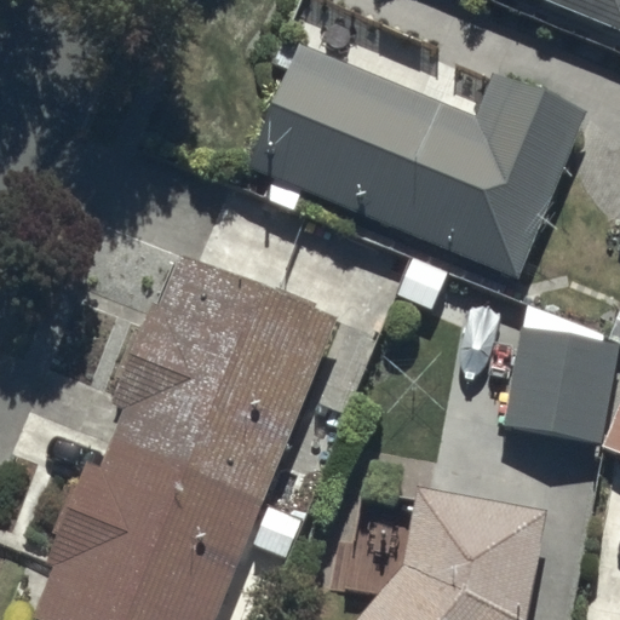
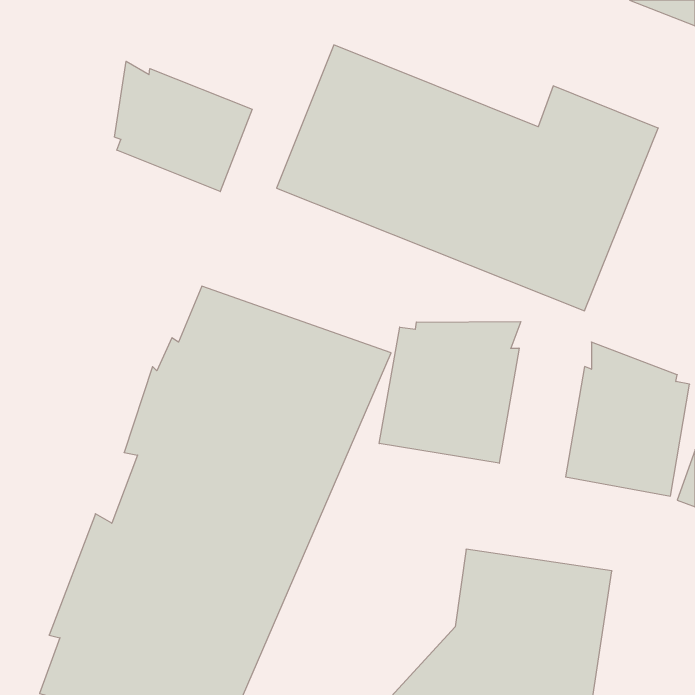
building: none -> [114,61,252,192]
building: none -> [379,322,521,463]

